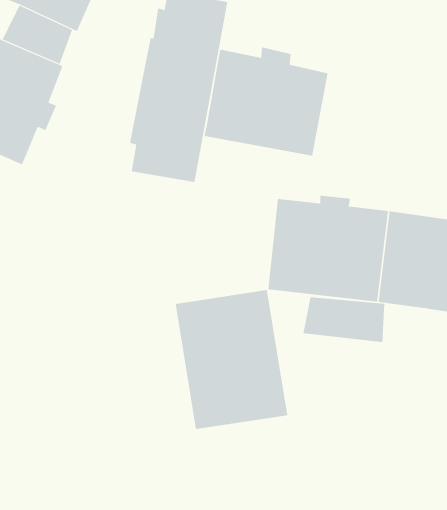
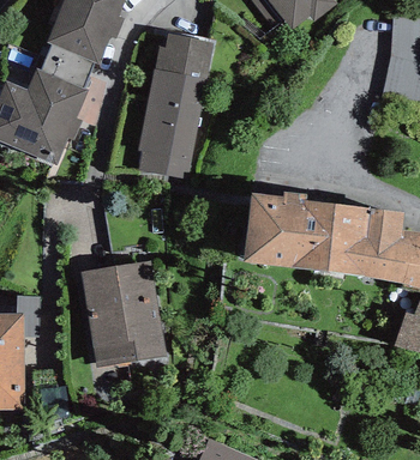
building: [204,47,328,156] -> none
building: [175,290,288,430] -> [79,261,166,368]
building: [303,297,385,343] -> none

